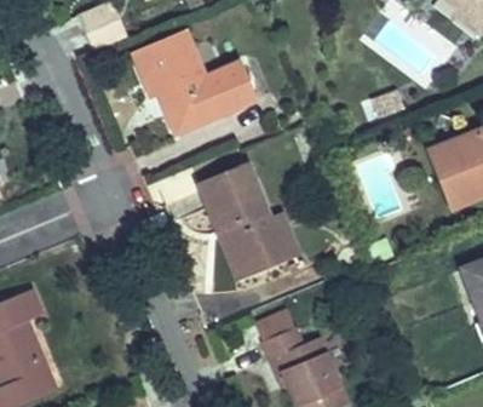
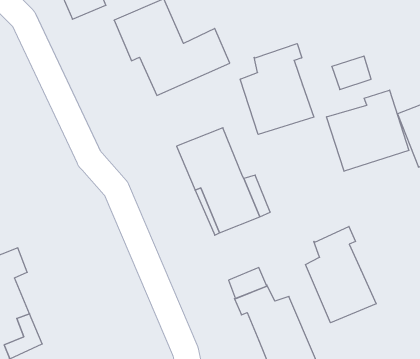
building: none -> [240,44,314,134]
building: none -> [327,90,409,171]
building: none -> [305,226,376,323]

